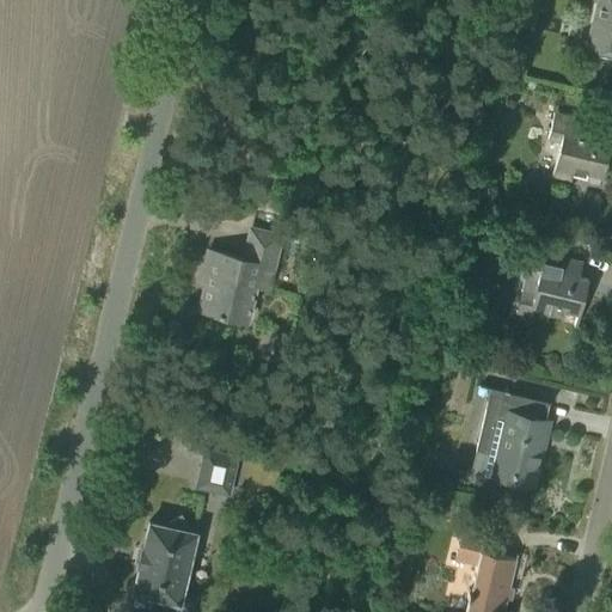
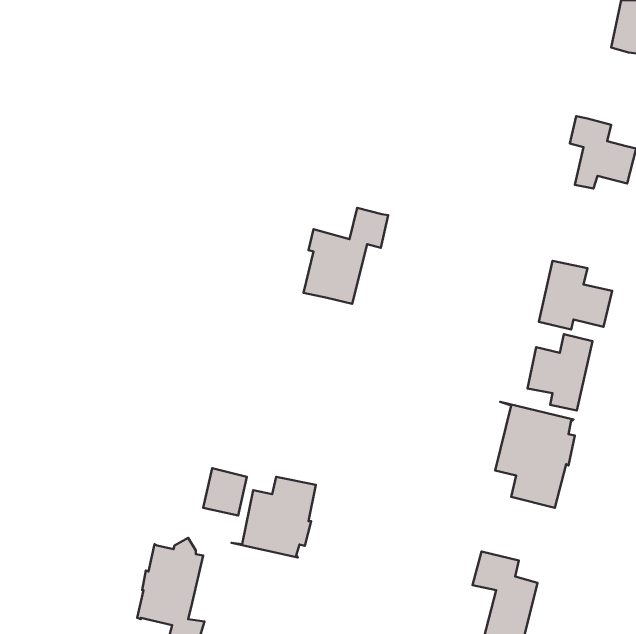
building: [200,232,281,324] -> [303,208,388,304]
building: none -> [527,334,592,411]
building: none -> [231,477,316,557]

